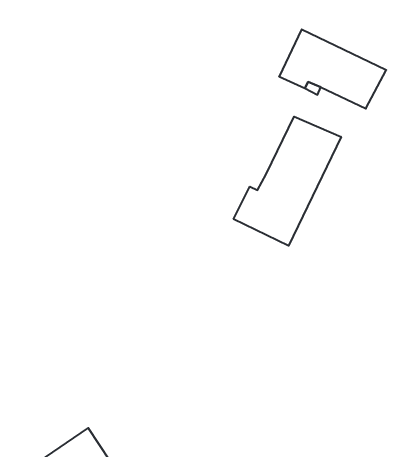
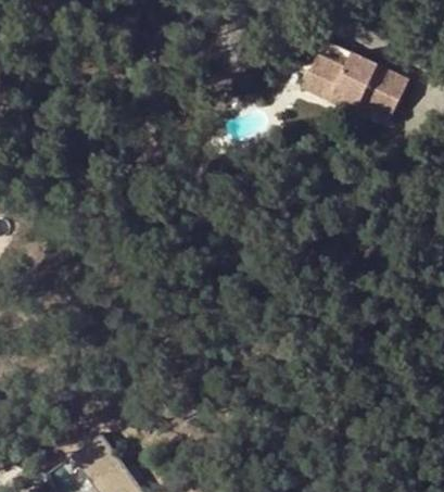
building: [234,117,341,246] -> none

